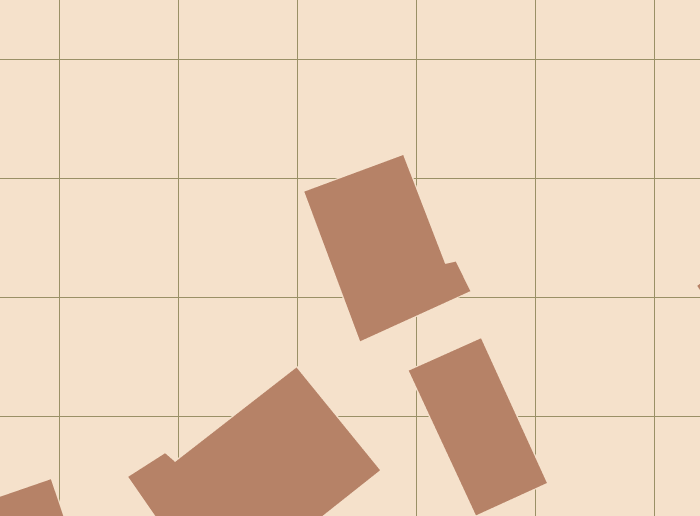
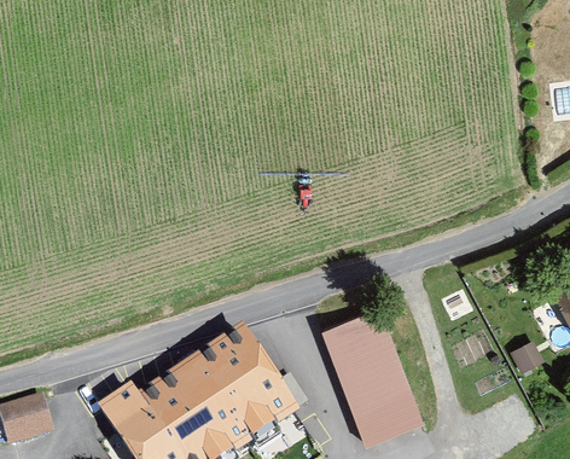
building: [303,154,471,342] -> none

